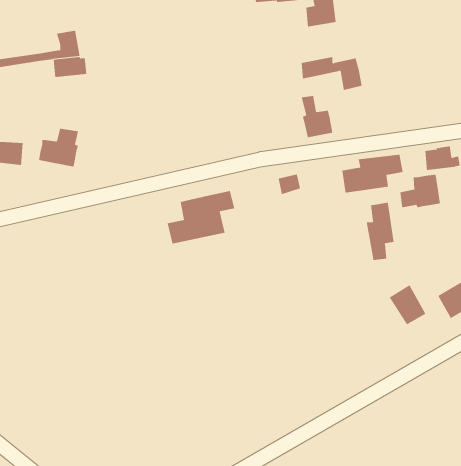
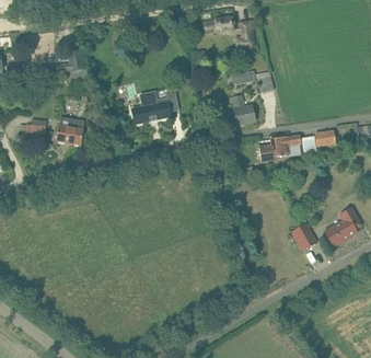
building: [400,174,441,208] -> none
building: [167,190,235,244] -> [131,88,177,124]
building: [366,202,394,261] -> none

